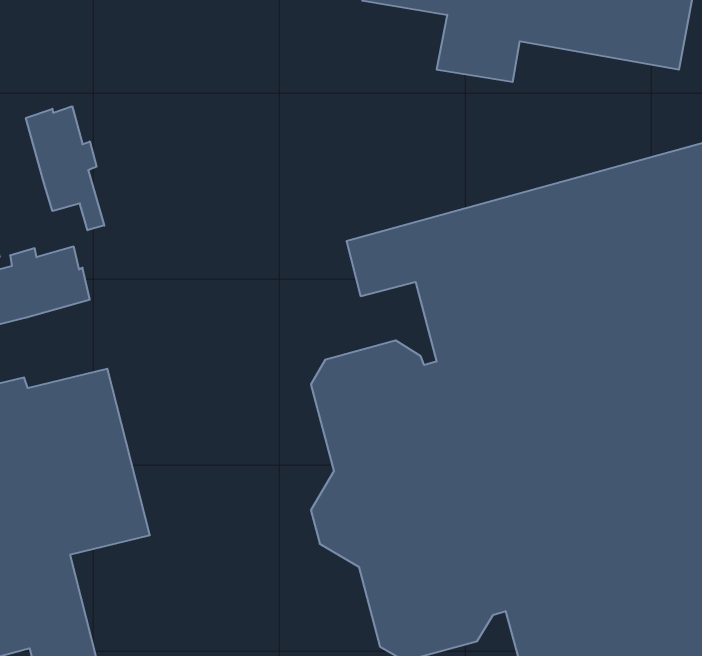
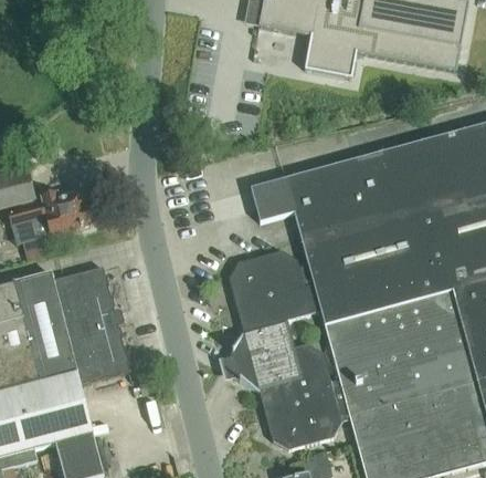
building: [26,106,104,230] -> none

